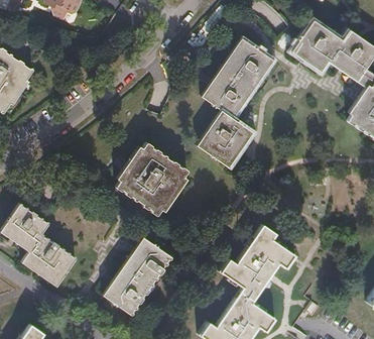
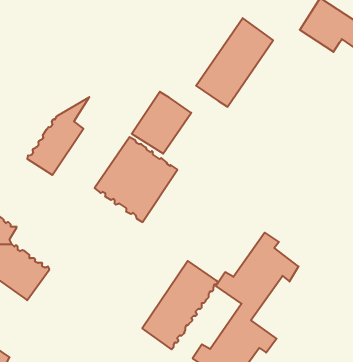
building: none -> [27,97,89,175]
building: [199,111,250,164] -> [132,92,191,154]
building: [106,238,171,315] -> [142,261,218,349]

